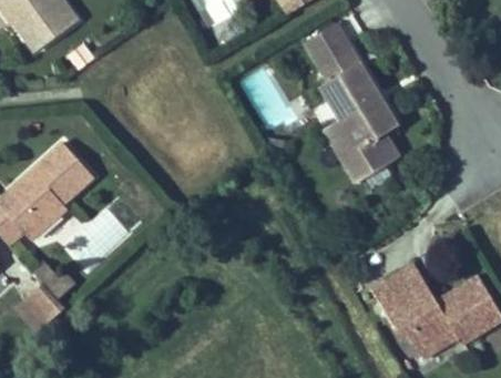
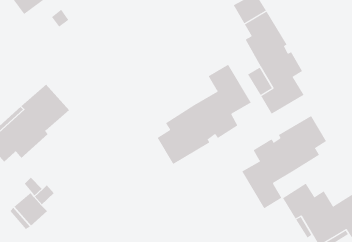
building: none -> [157,64,252,165]
building: none -> [241,115,327,209]

